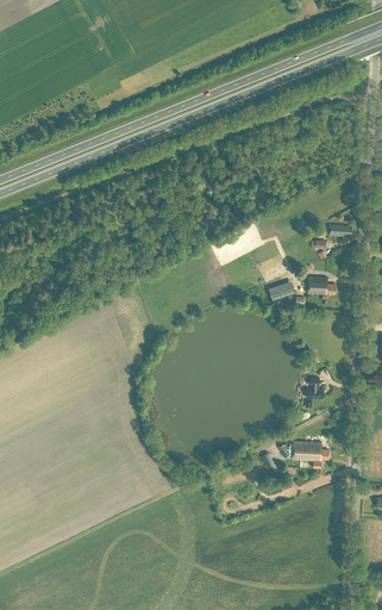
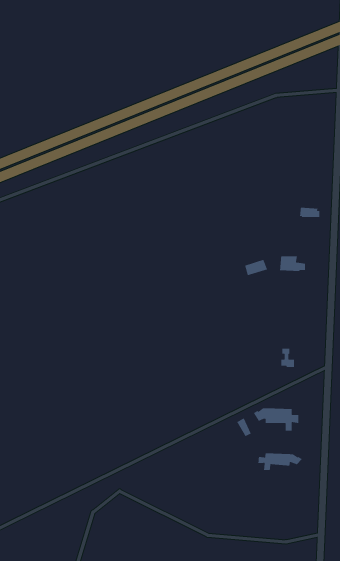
building: none -> [257,452,303,471]

